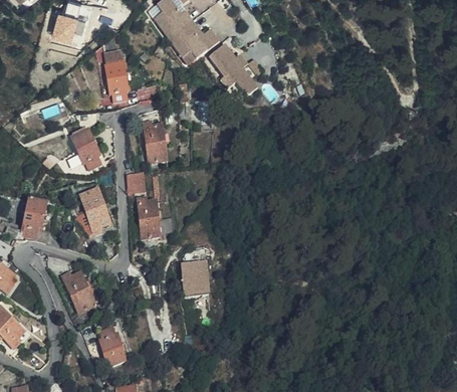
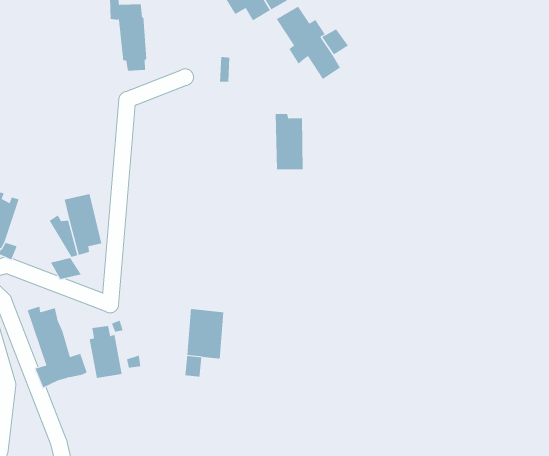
building: [70,114,101,170] -> none
building: [143,123,167,163] -> [275,114,303,170]
building: [126,173,146,195] -> none
building: [139,198,161,239] -> none
building: [99,329,126,367] -> [89,325,122,379]

